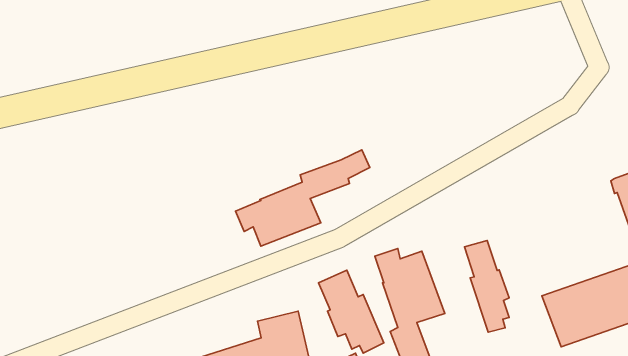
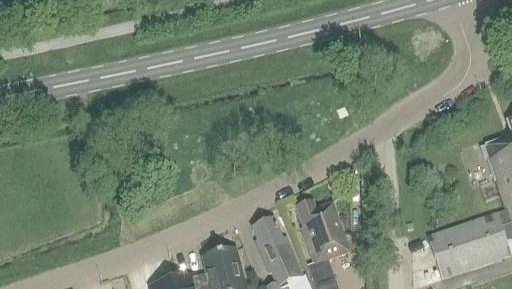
building: [236,150,370,246] -> none
building: [464,240,509,332] -> none

